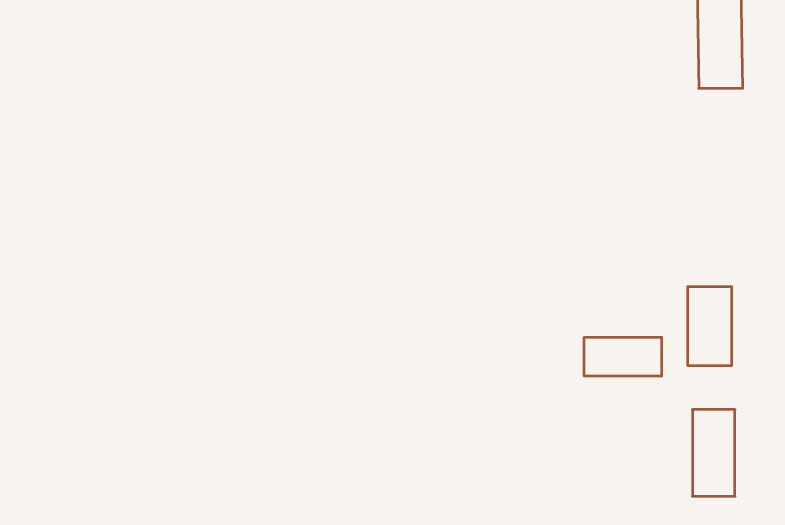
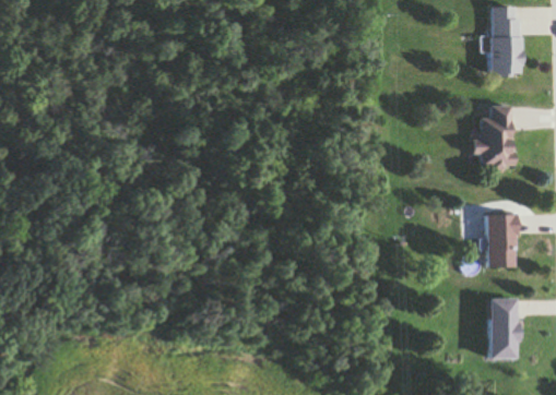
building: none -> [472,107,512,168]
building: [584,337,662,376] -> none

